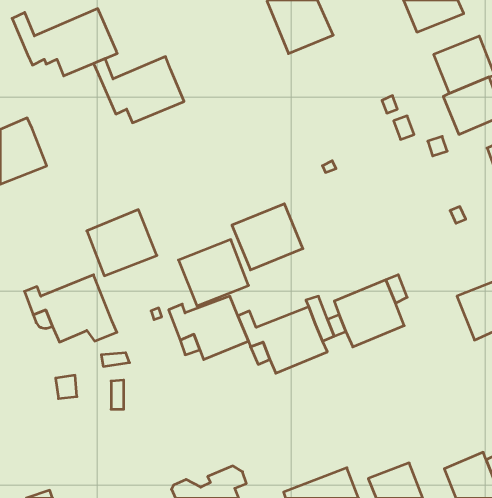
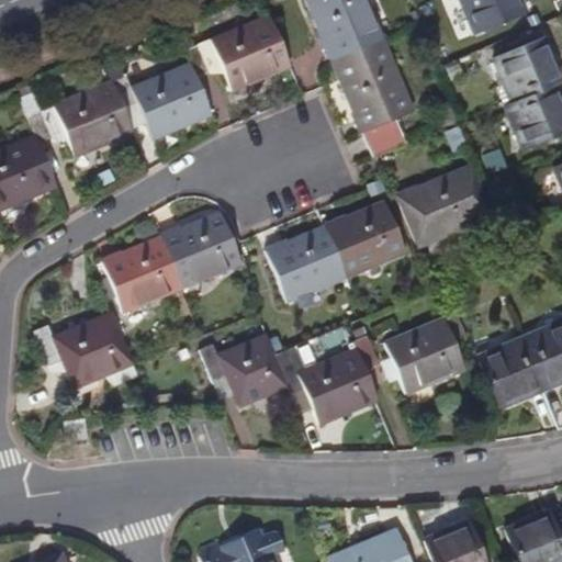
building: [12,9,117,76] -> [20,81,138,157]
building: none -> [188,15,294,92]
building: none -> [331,40,412,158]
building: none -> [400,168,495,250]
building: none -> [327,206,405,280]
building: [178,240,249,306] -> [162,213,241,288]
building: none -> [476,334,541,401]

